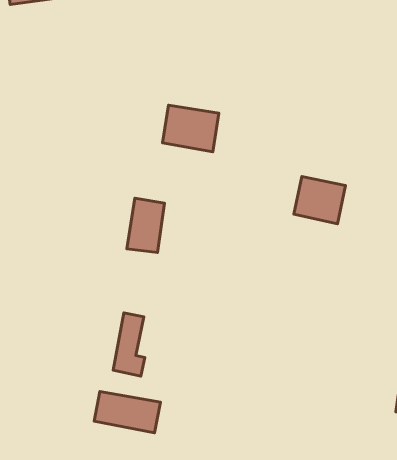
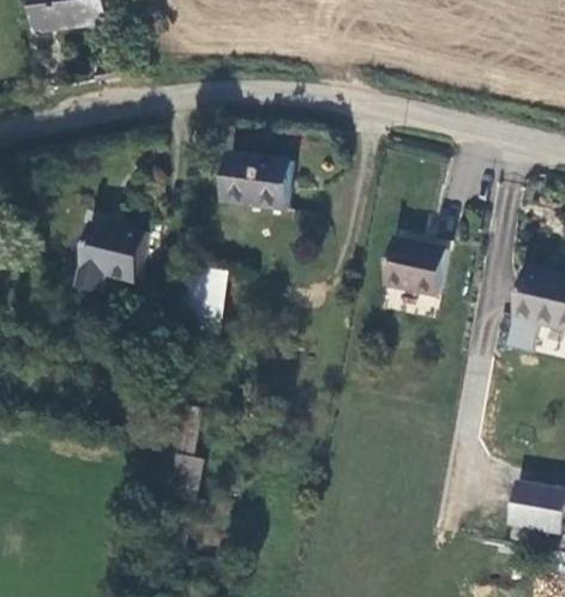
building: none -> [72,224,144,296]
building: [94,391,160,433] -> none

